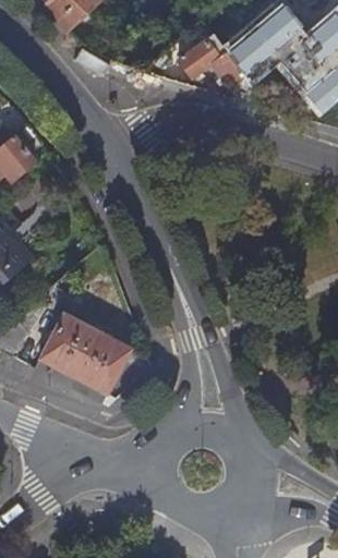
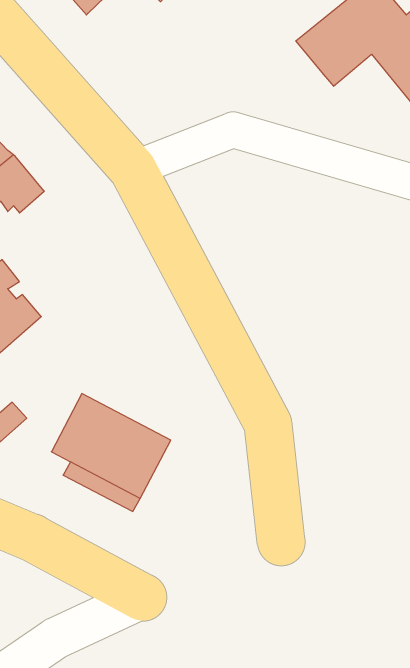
building: [179,33,245,84] -> none

